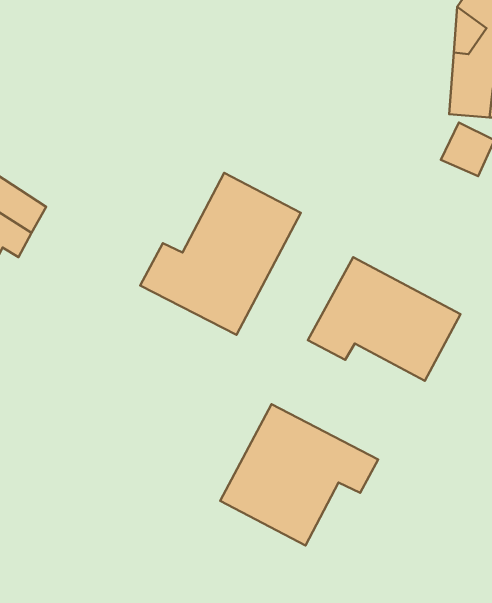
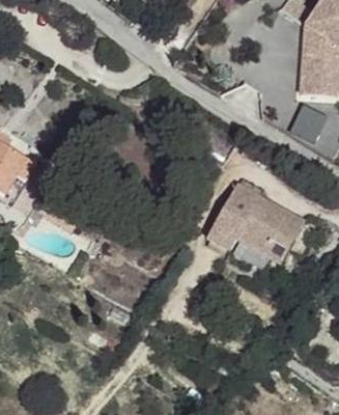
building: [140,173,301,335] -> none
building: [220,404,378,546] -> none

